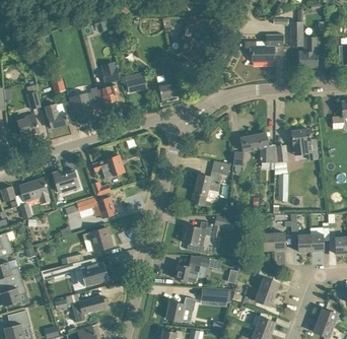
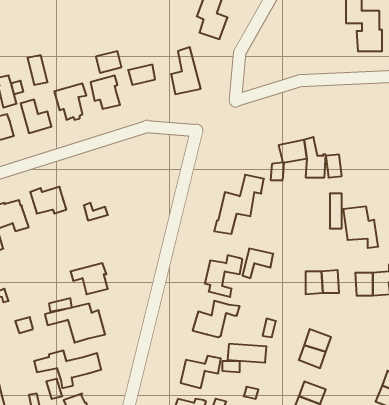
building: [245,35,283,62] -> none
building: [291,129,318,160] -> [343,206,378,248]
building: [92,155,125,178] -> none
building: [65,197,116,219] -> none

